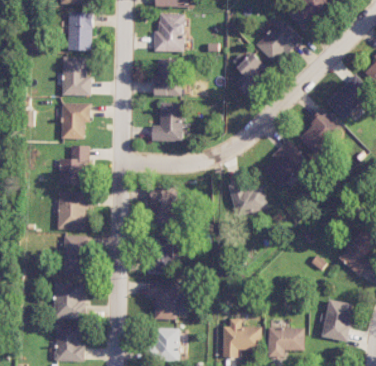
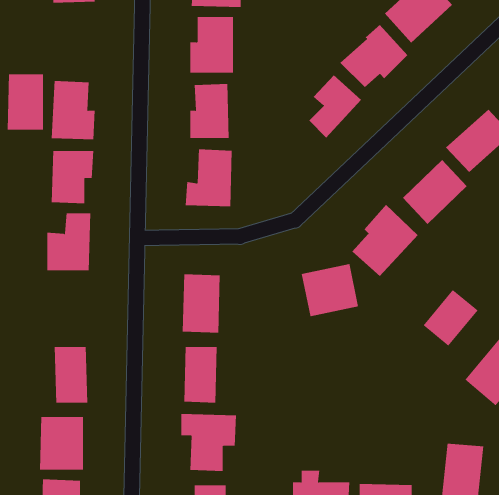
building: [67,12,92,50] -> [7,74,44,130]
building: [57,190,86,229] -> none
building: none -> [423,289,478,346]

